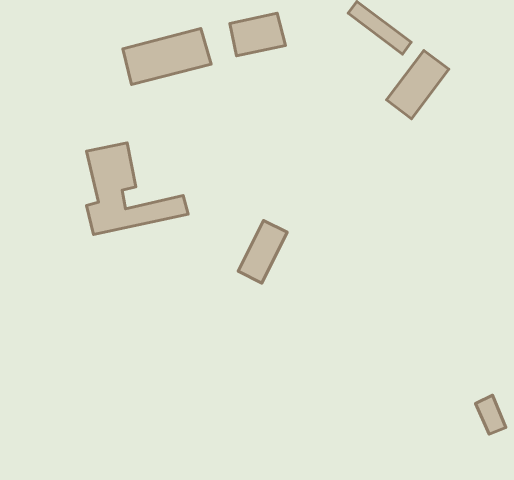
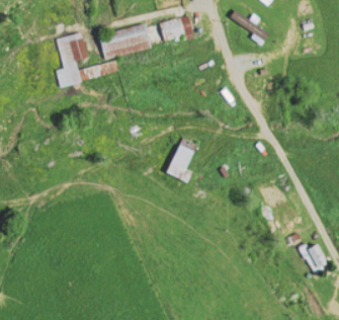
building: [387,50,449,119] -> none
building: [87,143,188,234] -> [56,32,116,87]

